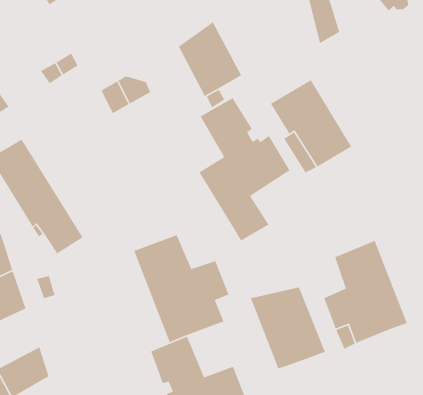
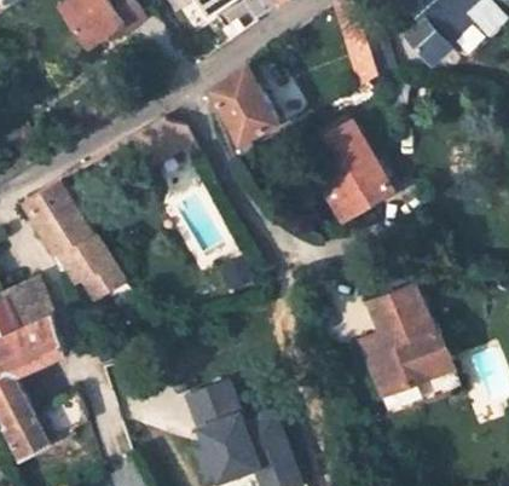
building: [199,97,291,242] -> none
building: [133,234,230,343] -> none
building: [250,286,326,369] -> none

